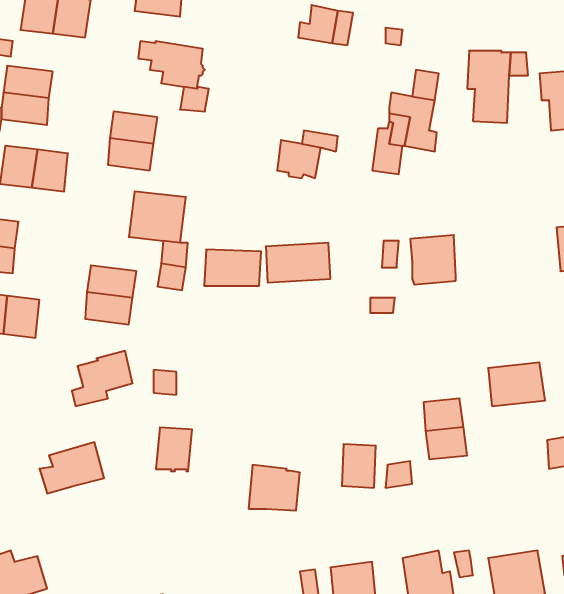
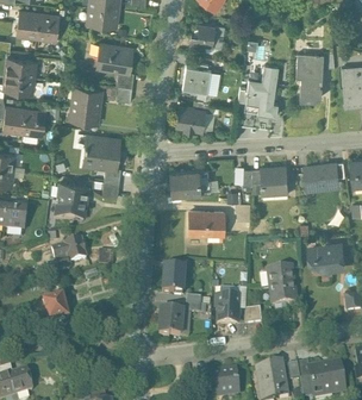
building: none -> [183,60,210,86]
building: none -> [305,160,339,186]
building: [204,250,261,286] -> [188,211,224,233]
building: [156,427,192,471] -> [162,265,185,293]

